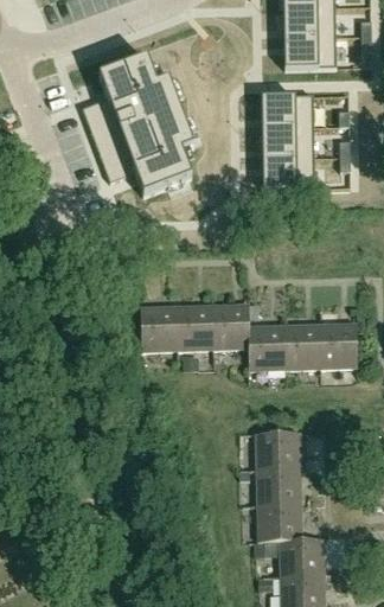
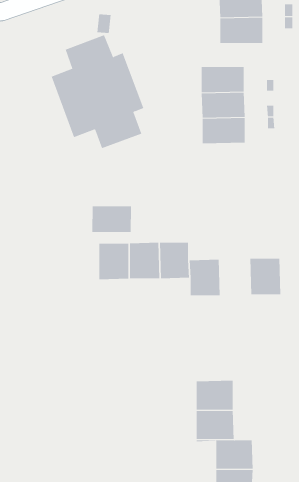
building: none -> [92,205,131,233]
building: [284,324,321,369] -> none
building: [255,433,301,471] -> none

